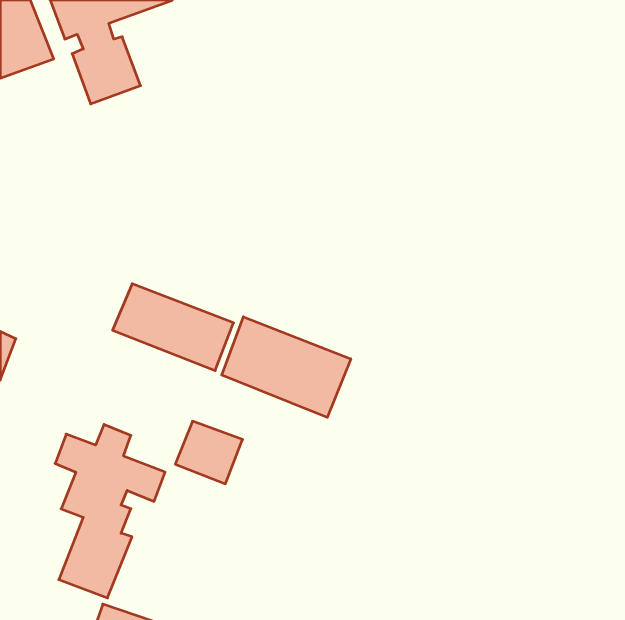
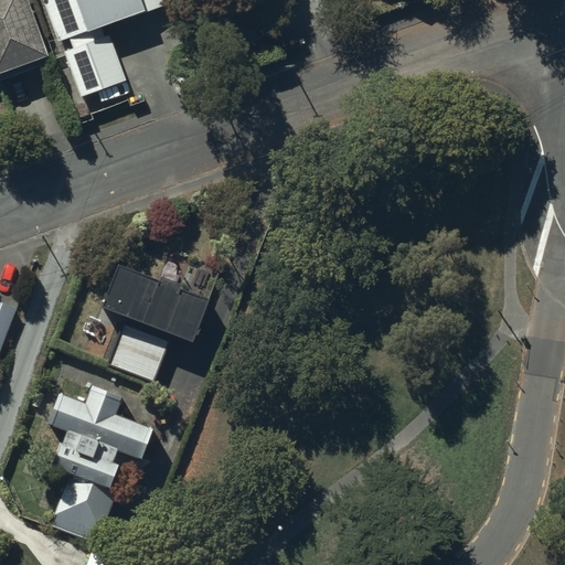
building: [222,317,351,417] -> none
building: [175,421,243,484] -> [108,326,169,382]

